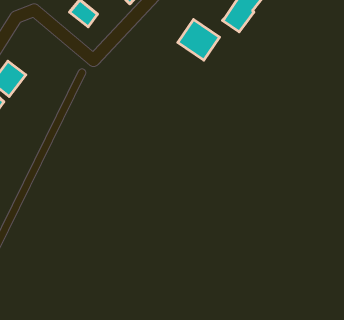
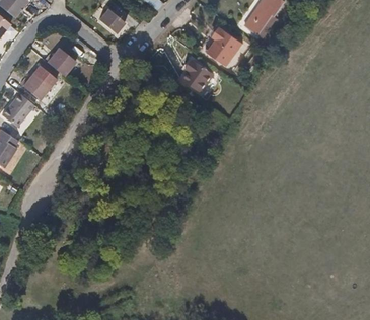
building: none -> [42,47,73,75]
building: none -> [184,60,214,91]

